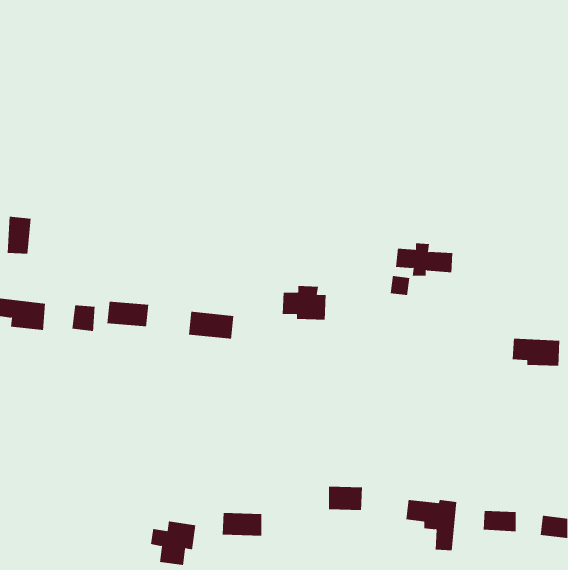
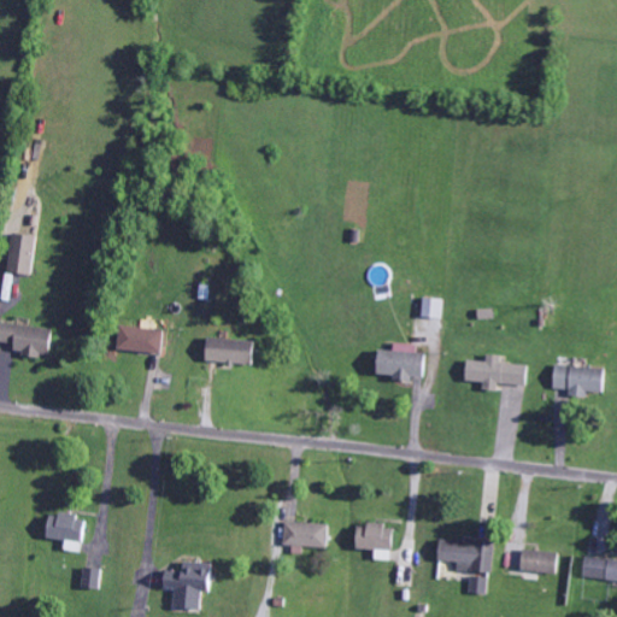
building: [395,243,453,276] -> [463,353,525,389]
building: [282,285,327,320] -> [375,342,423,380]
building: [72,304,95,332] -> none
building: none -> [42,511,84,542]
building: [222,513,262,536] -> [282,521,325,546]

